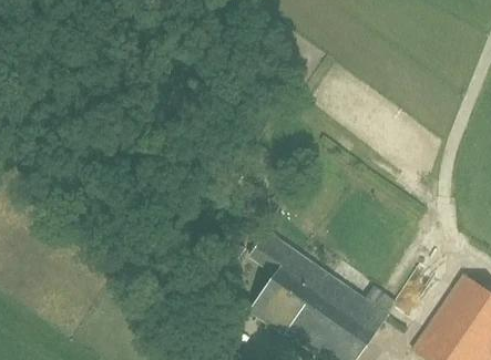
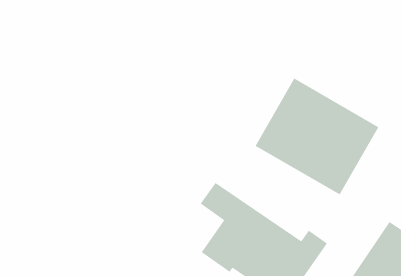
building: none -> [255,78,379,195]

